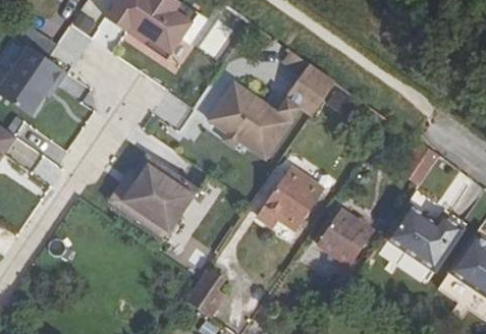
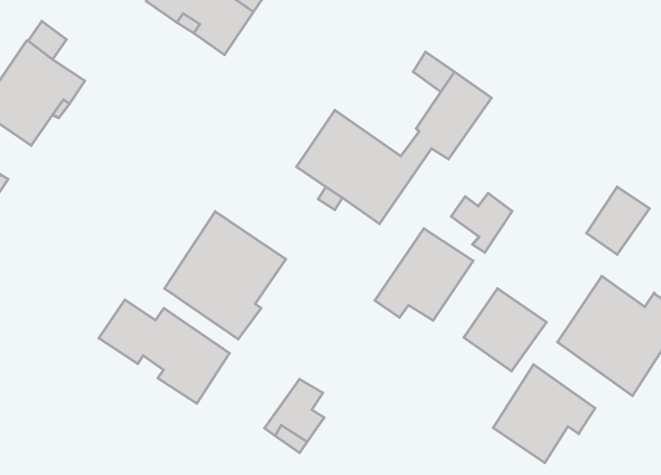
building: none -> [451,193,512,253]
building: none -> [99,300,229,404]
building: none -> [493,364,595,463]

